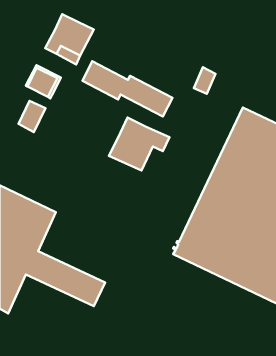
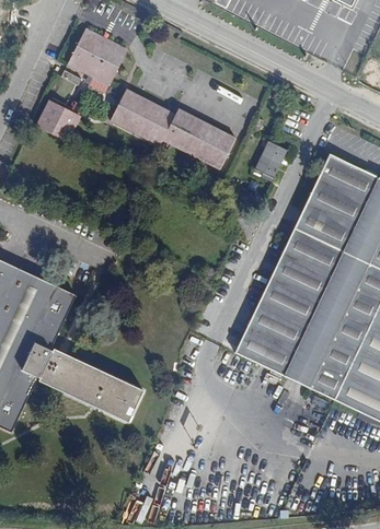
building: [194,67,216,94] -> [255,141,285,177]
building: [18,101,46,132] -> none
building: [109,117,169,170] -> none

